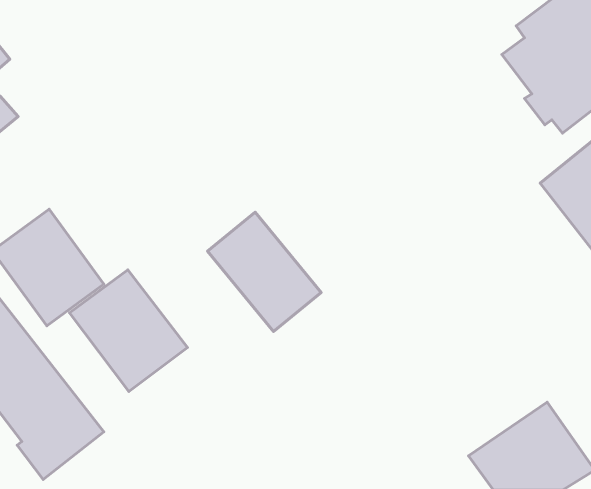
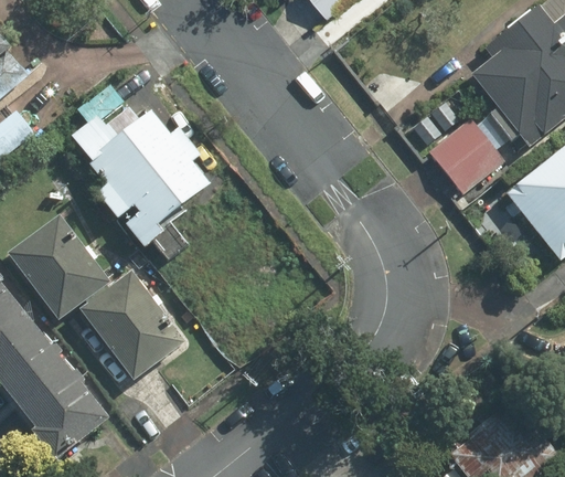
building: none -> [71,109,210,248]
building: none -> [434,117,508,191]
building: [208,212,321,332] -> none

